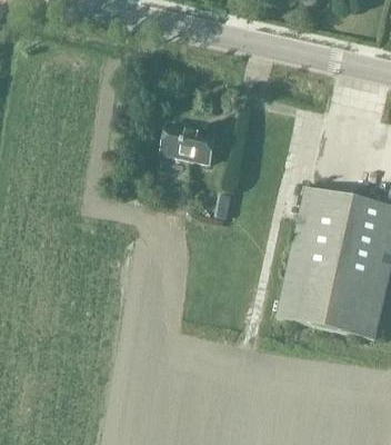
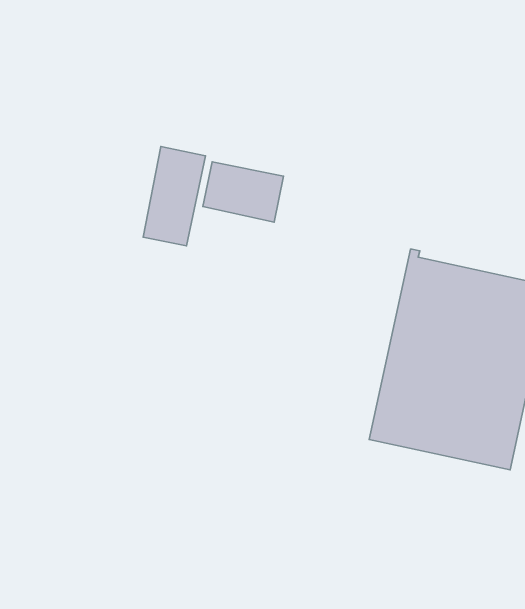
building: none -> [143,147,206,246]

